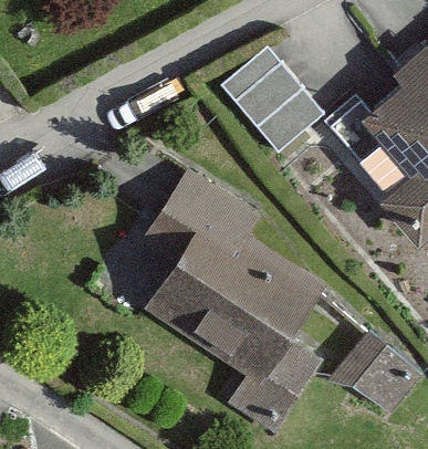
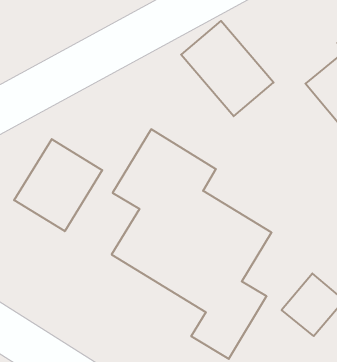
building: none -> [14,139,102,231]

